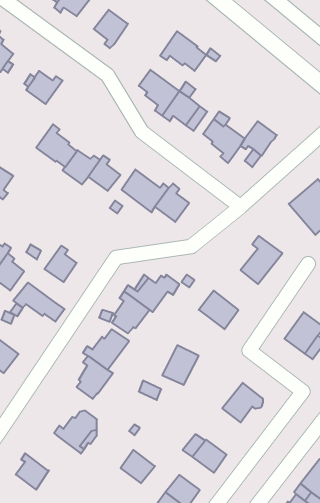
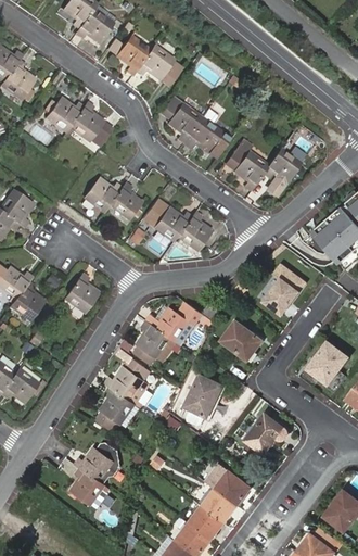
building: [160,31,206,71] -> [136,46,182,86]
building: [36,124,77,167] -> [69,103,111,147]
building: [13,283,65,322] -> none
building: [121,450,155,483] -> [202,489,236,522]
building: [16,453,49,490] -> [69,468,103,505]

